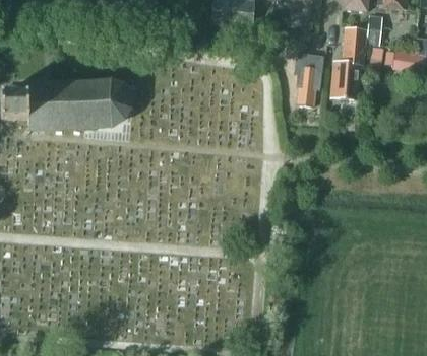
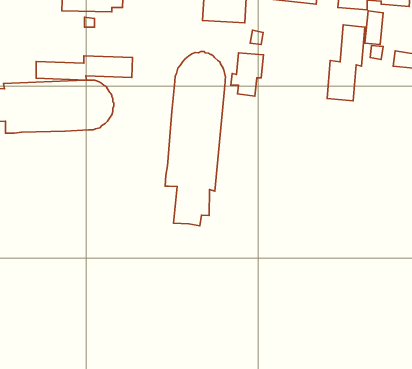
building: none -> [165,51,225,226]
building: none -> [36,56,133,80]
building: [293,65,323,105] -> [231,53,263,96]

